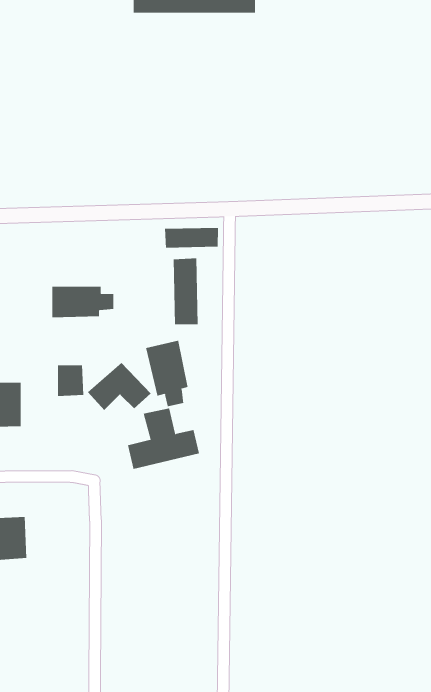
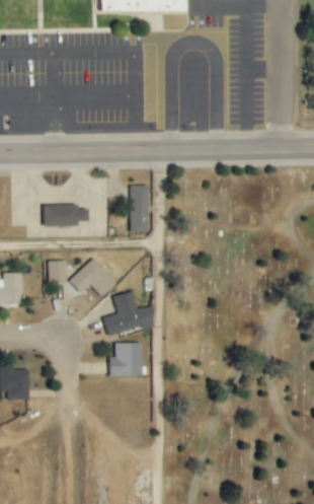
building: [165,227,218,248] -> none
building: [146,340,188,407] -> none
building: none -> [102,342,138,376]

